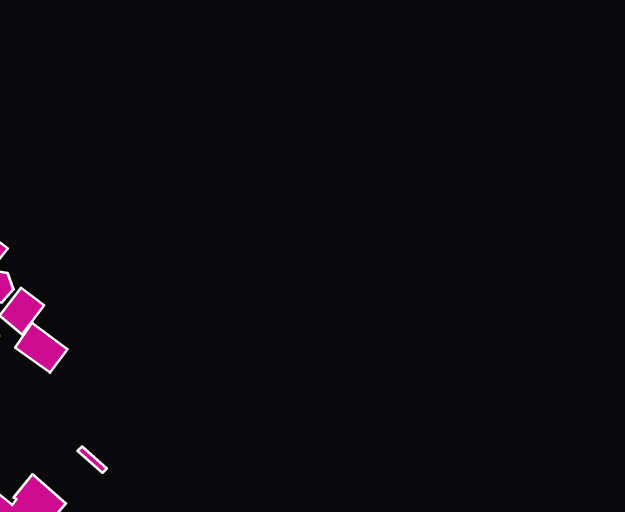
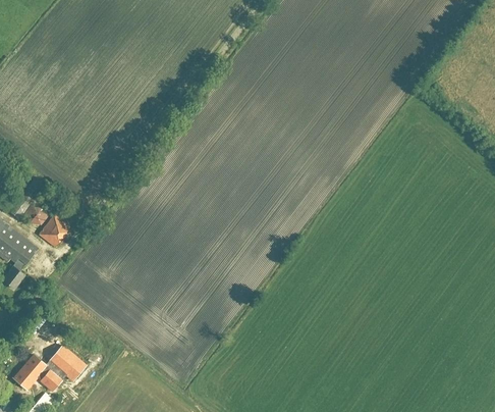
building: [15,323,67,373] -> none

